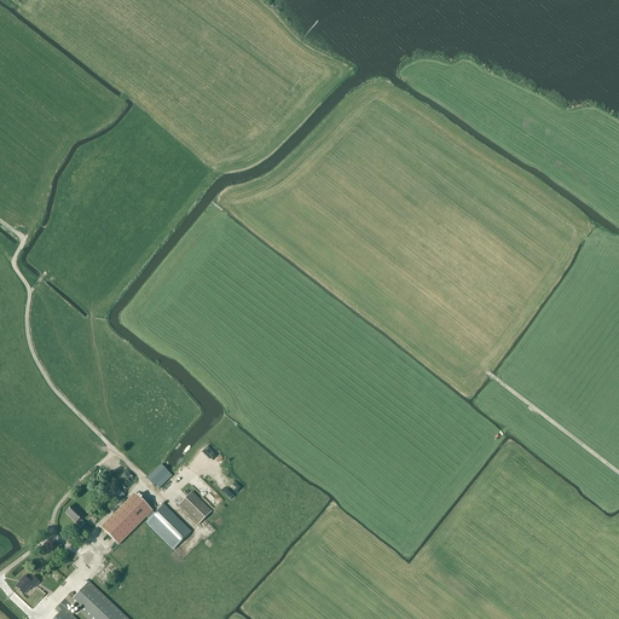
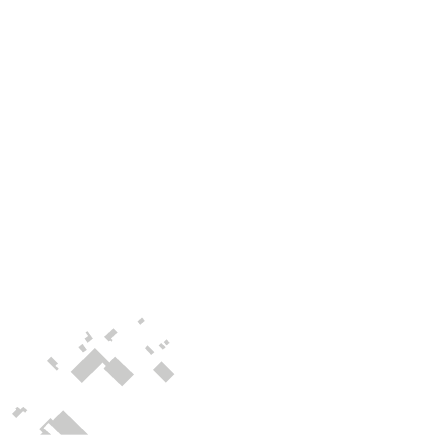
building: [179,491,212,523] -> [152,360,175,383]

